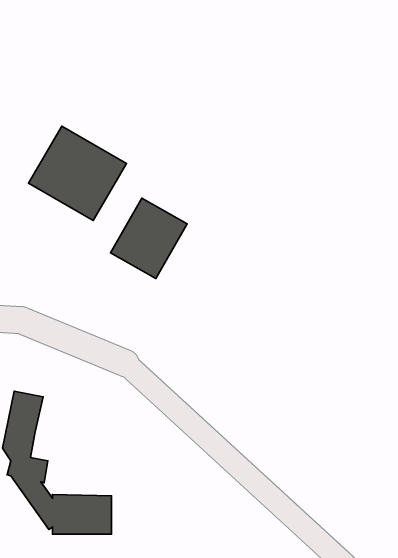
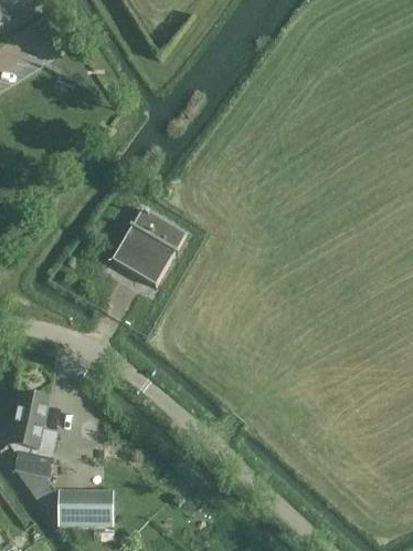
building: [29,126,126,220] -> none

